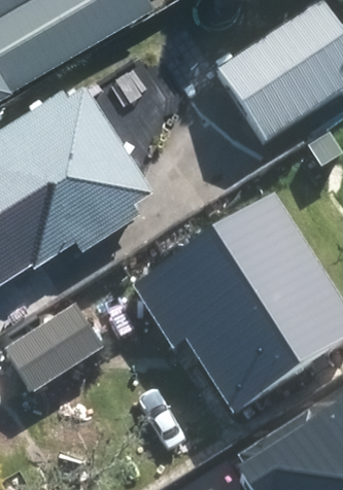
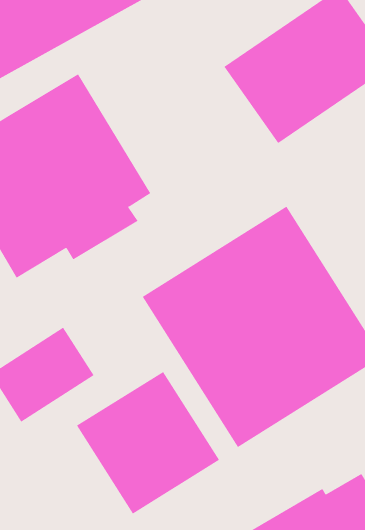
building: none -> [76,371,220,514]

